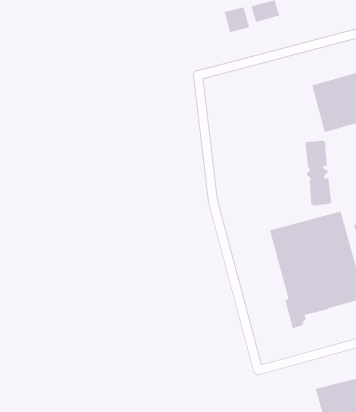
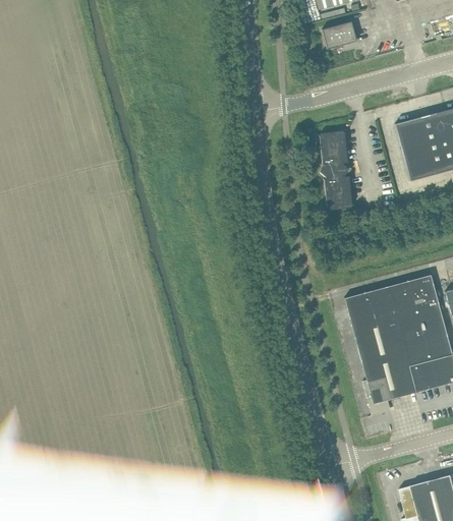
building: [224,7,250,33] -> none
building: [305,140,332,206] -> [321,130,353,210]

